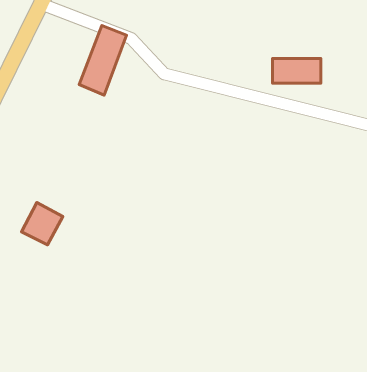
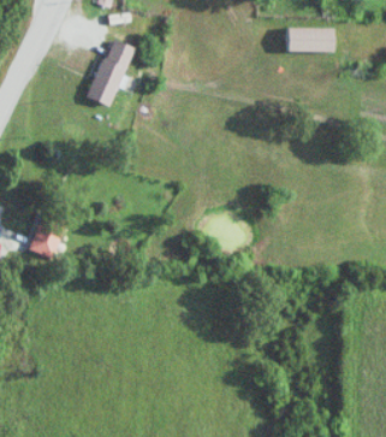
building: [273,58,321,83] -> [287,26,337,52]

